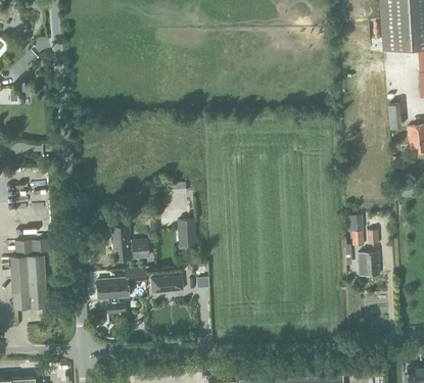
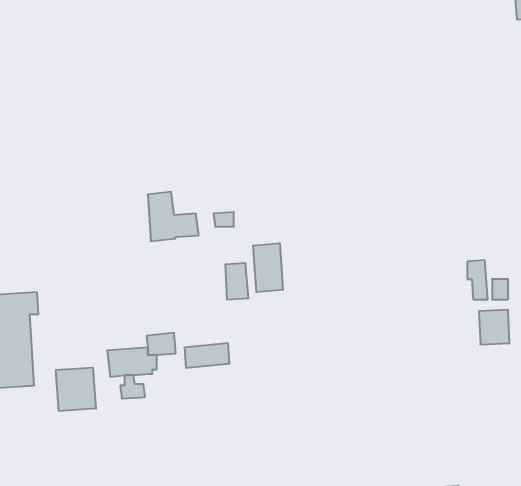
building: none -> [253,243,283,292]
building: [111,226,147,260] -> [148,192,199,241]
building: none -> [56,368,96,411]

